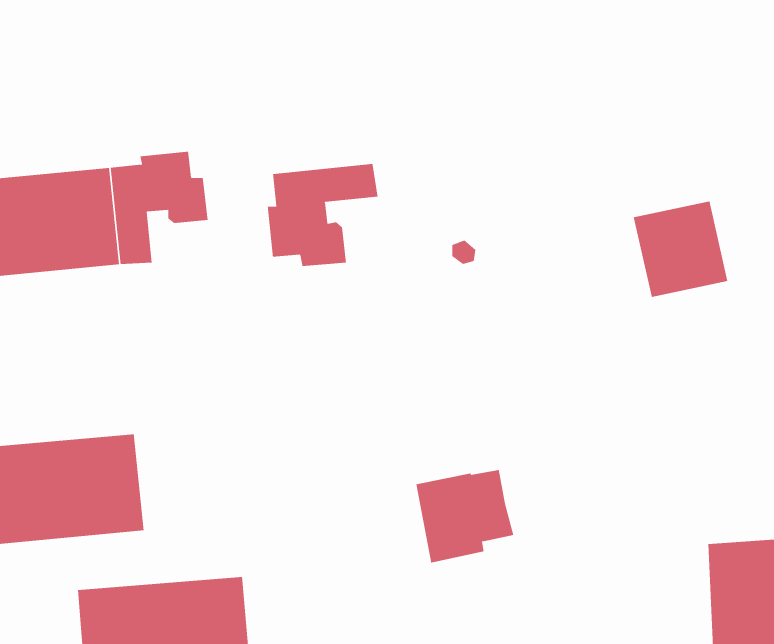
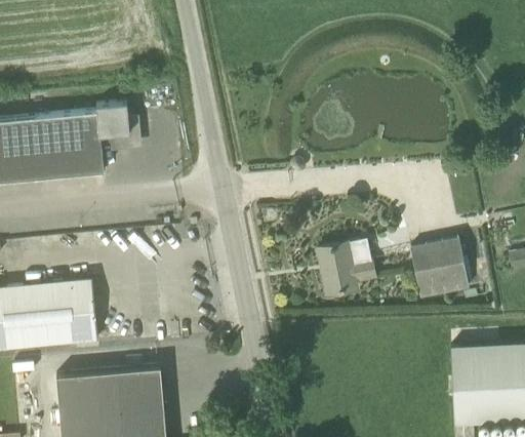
building: [267,163,378,267] -> none
building: [633,201,728,298] -> [410,237,470,297]
building: [416,469,514,563] -> [316,238,377,296]

